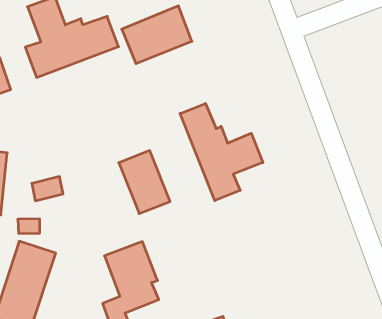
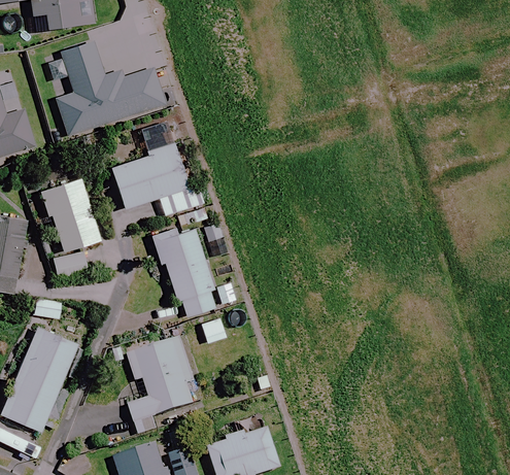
building: [122,6,192,64] -> [109,145,191,210]
building: [180,103,263,201] -> none
building: none -> [38,178,100,252]

